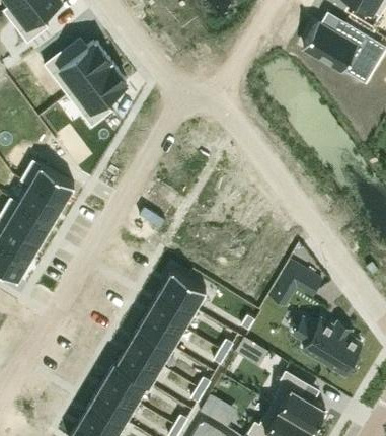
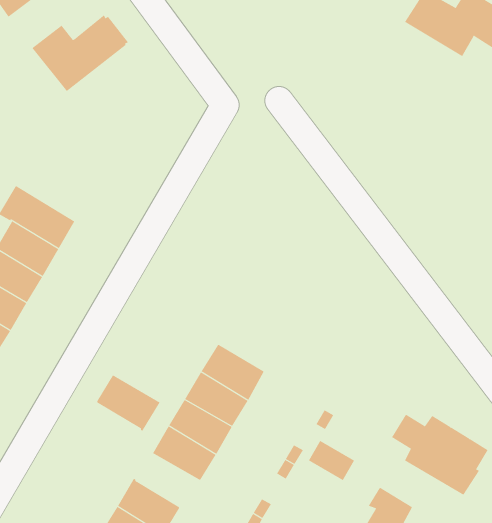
building: [69,63,128,127] -> none
building: [271,263,322,306] -> none
building: [118,347,162,386] -> [96,375,160,431]

